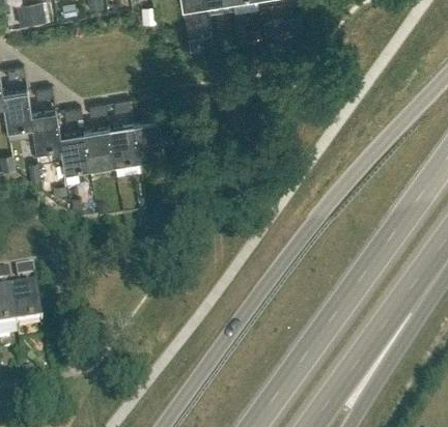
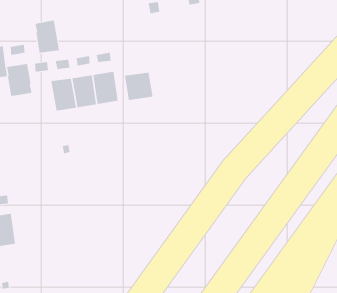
building: none -> [125,72,153,101]
building: [59,135,89,174] -> [35,20,60,53]

